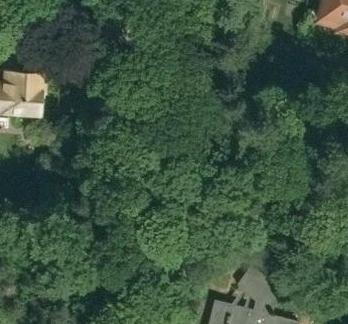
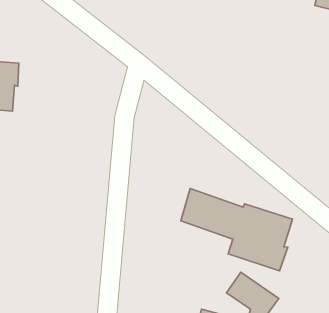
building: none -> [181,188,292,271]

